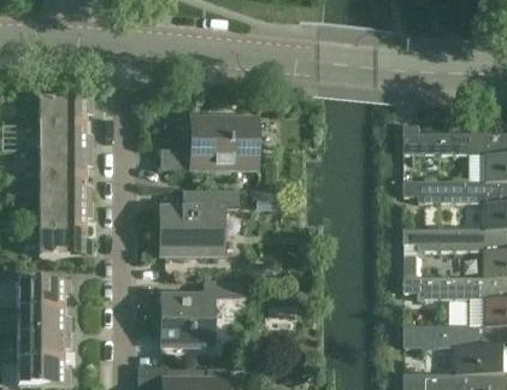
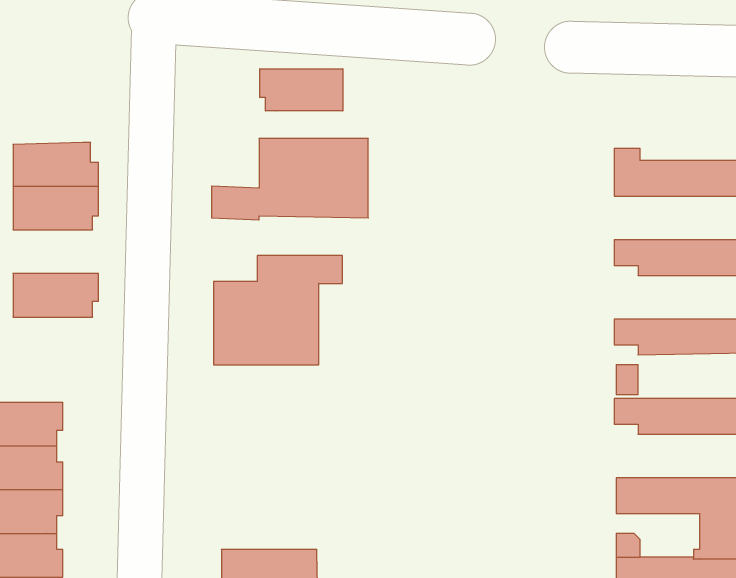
building: none -> [260,69,343,111]
building: [37,96,89,123] -> none
building: [37,175,89,201] -> none
building: [37,228,89,255] -> none
building: [159,280,246,347] -> none

